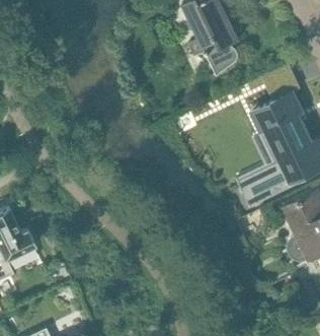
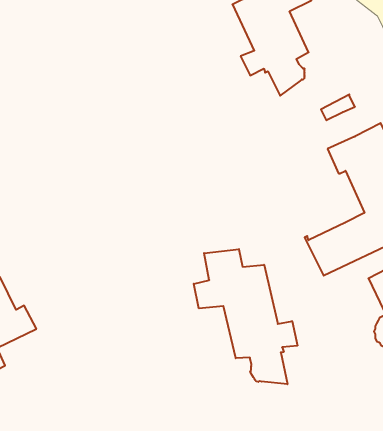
building: none -> [194,249,297,384]

